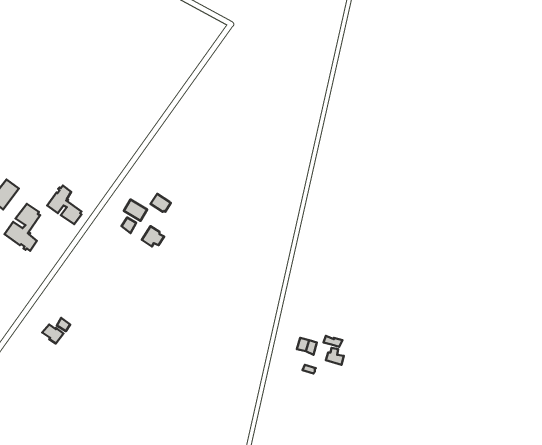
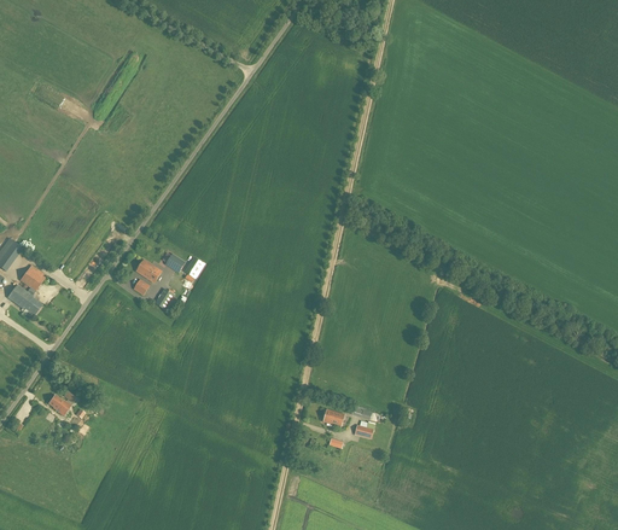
building: [47,185,82,224] -> none

